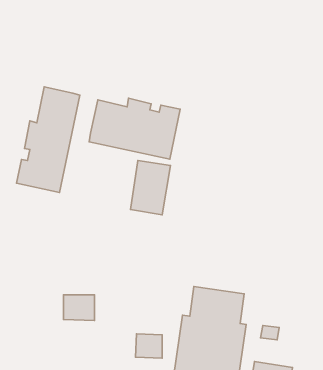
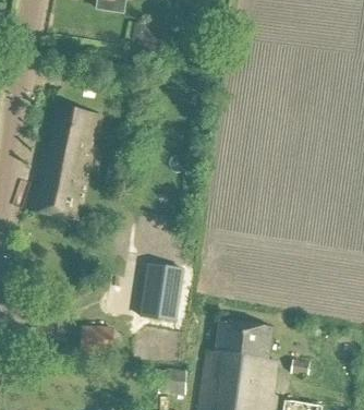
building: [89,98,180,159] -> none
building: [130,160,171,215] -> [141,263,183,321]

